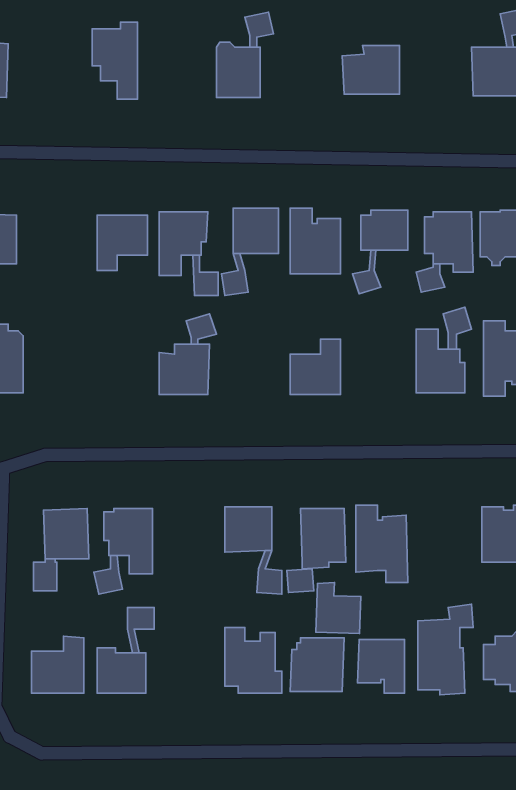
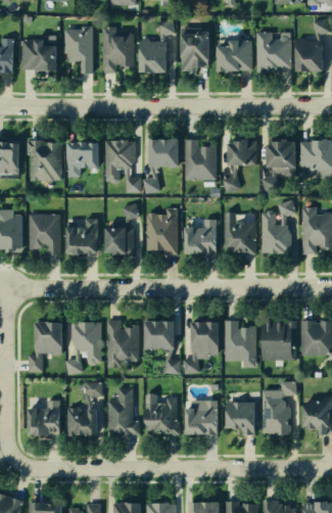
building: none -> [102,26,134,73]
building: none -> [182,31,209,71]
building: none -> [256,32,291,72]
building: none -> [21,40,56,74]
building: none -> [28,140,60,180]
building: none -> [146,207,177,254]
building: none -> [224,213,255,252]
building: none -> [29,214,60,254]
building: none -> [66,218,97,252]
building: none -> [107,320,138,367]
building: none -> [263,320,296,359]
building: [316,582,361,634] -> none
building: none -> [108,387,139,433]

